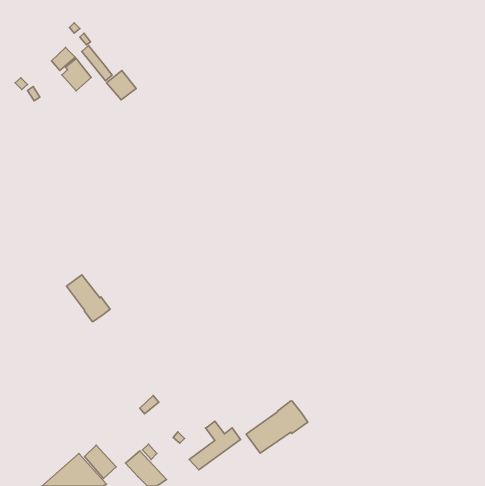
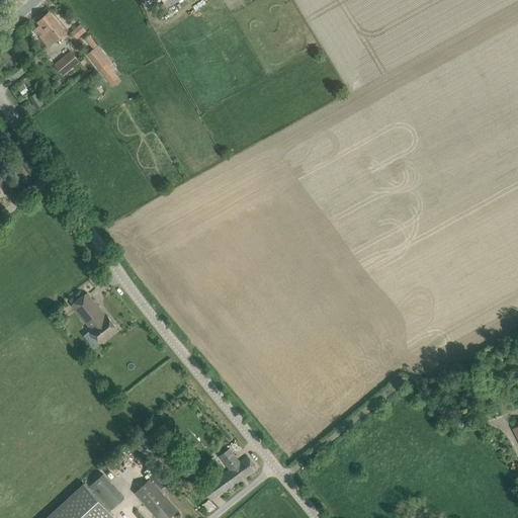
building: [62,59,91,91] -> [33,12,65,47]
building: [106,71,136,100] -> none
building: [246,401,308,453] -> none

